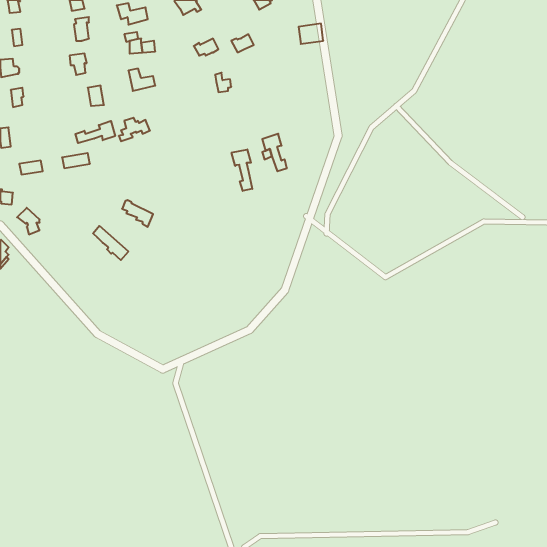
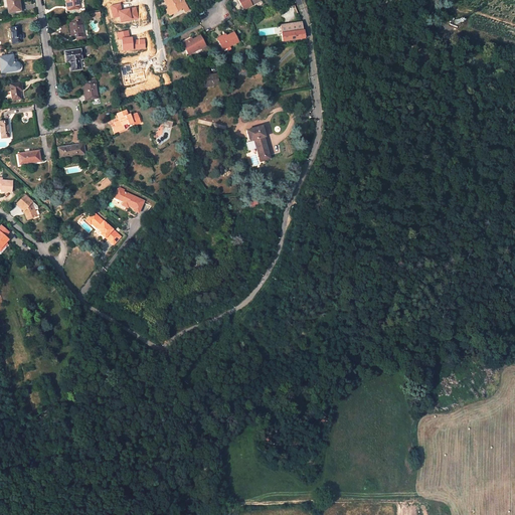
building: [75,121,115,143] -> none
building: [232,149,252,191] -> none

